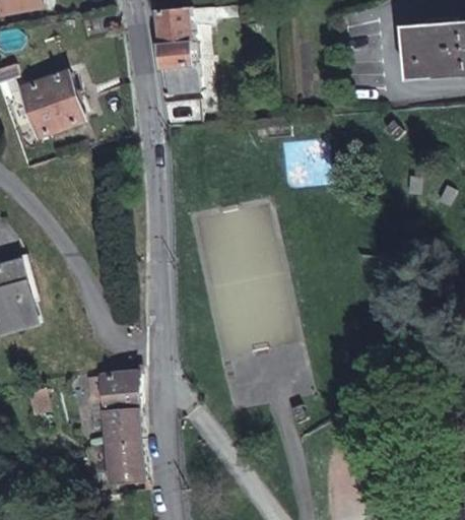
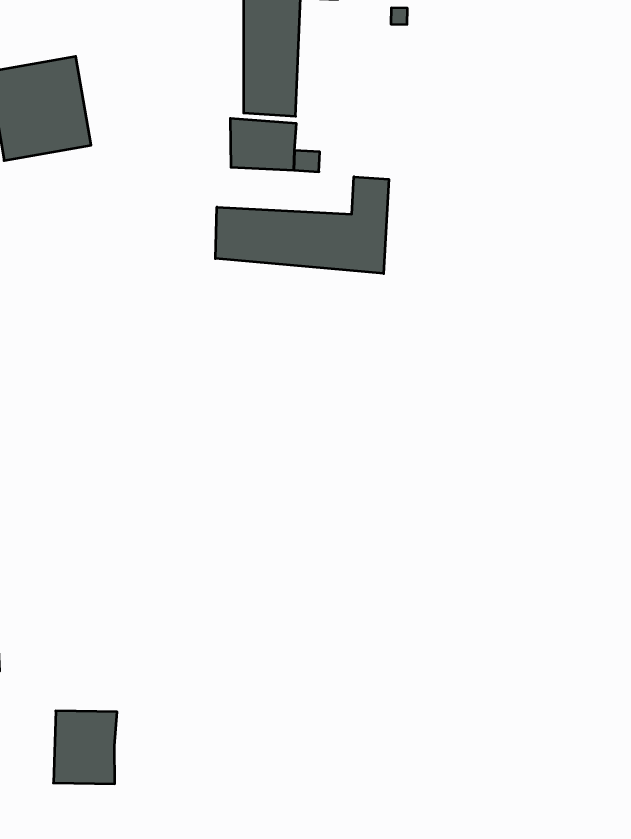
building: none -> [215,177,389,274]
building: [83,372,139,443] -> none

